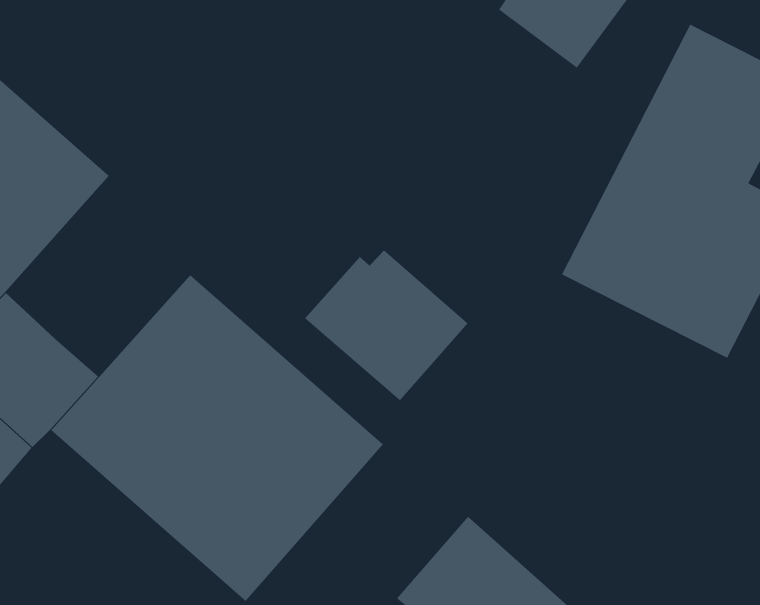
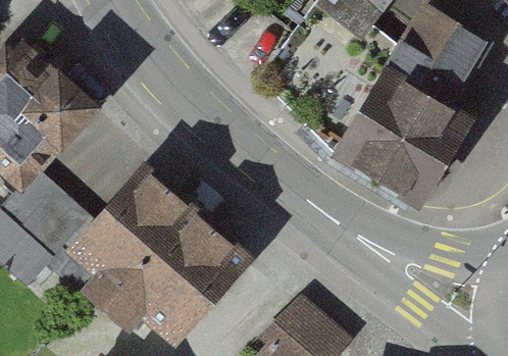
building: [304,249,468,401] -> none

